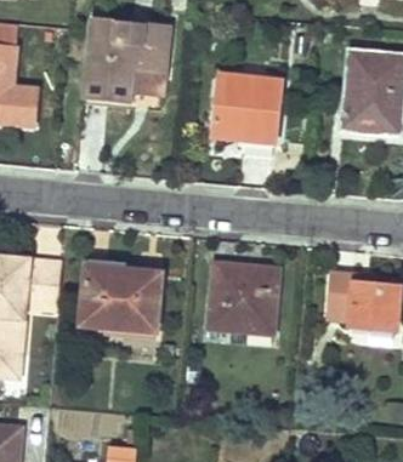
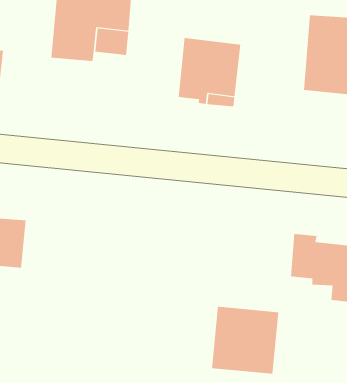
building: [209,262,278,331] -> [211,306,279,374]
building: [81,267,160,329] -> none

